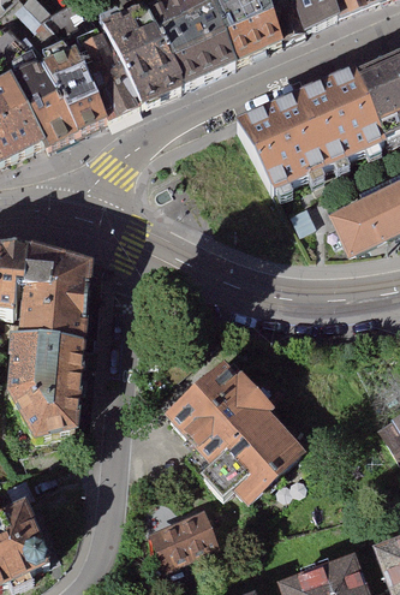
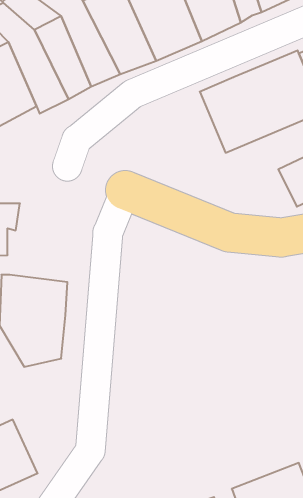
building: [17,250,92,341] -> none
building: [162,357,309,505] -> none
building: [151,506,223,569] -> none

